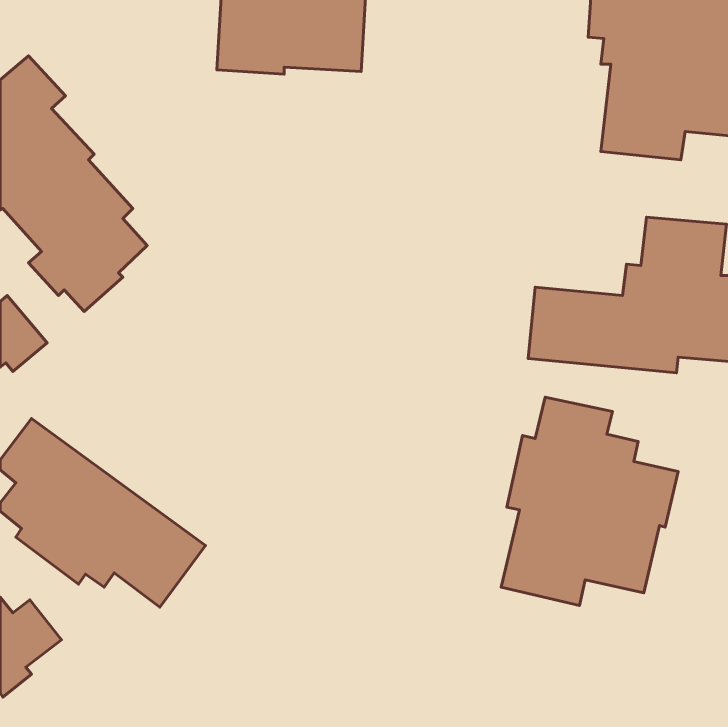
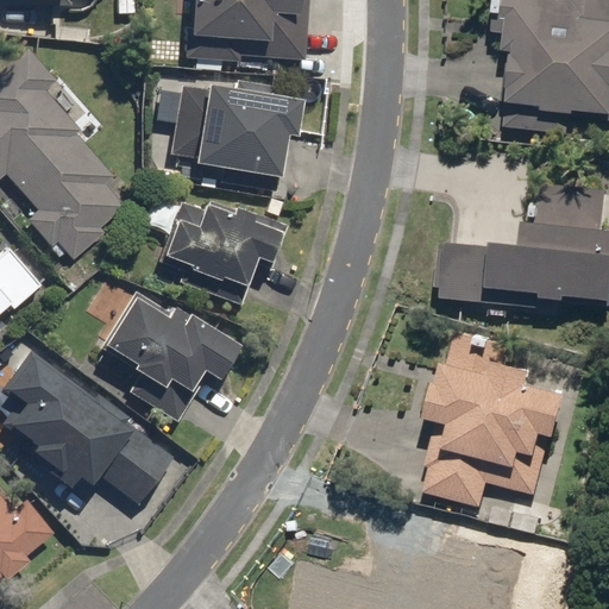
building: none -> [168,79,300,192]
building: none -> [157,196,287,304]
building: none -> [98,289,237,421]

